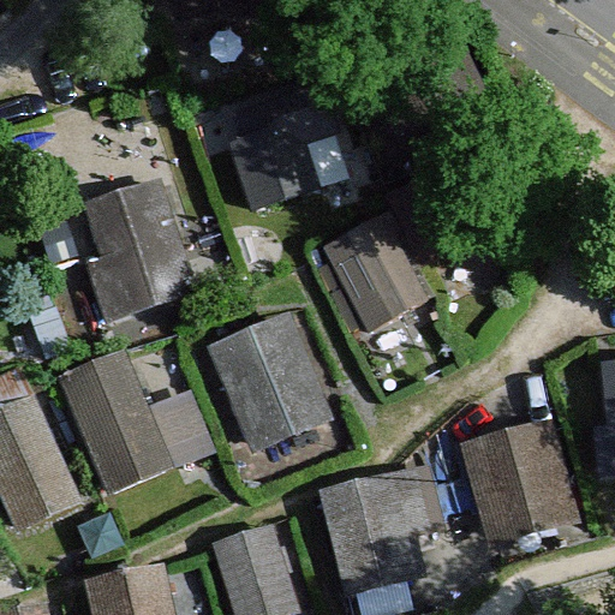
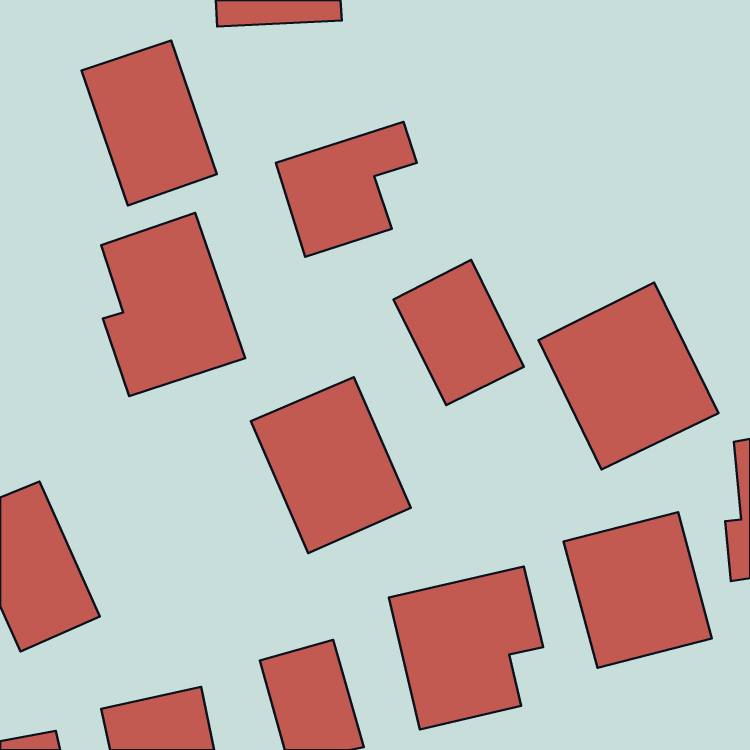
building: none -> [81,40,217,205]
building: none -> [538,283,718,470]
building: [59,350,216,496] -> none

